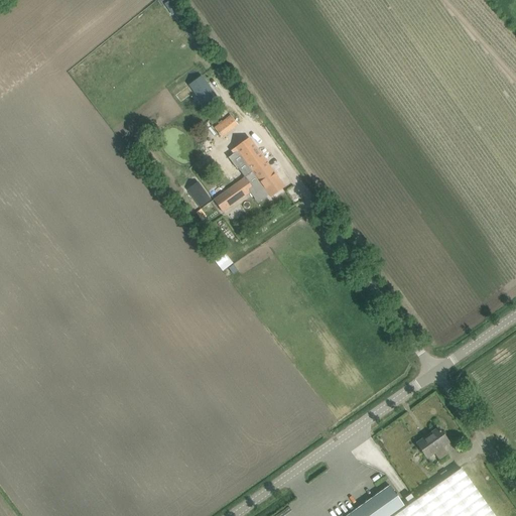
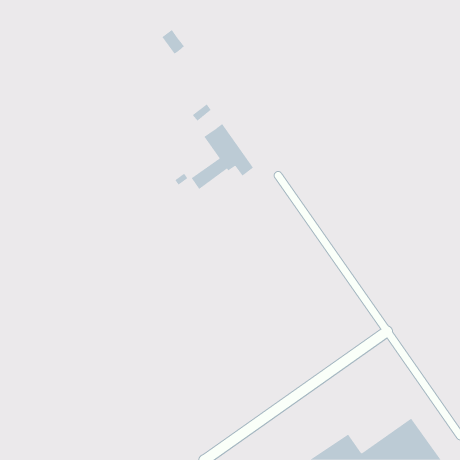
building: [189,77,216,105] -> [161,29,185,54]
building: [418,428,448,460] -> none

